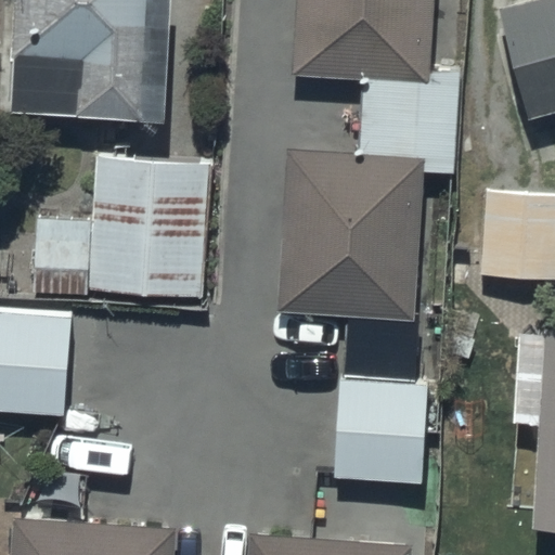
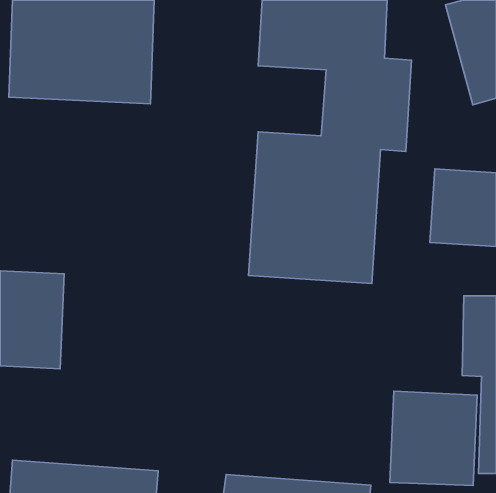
building: [31,157,208,298] -> none
building: [333,377,430,482] -> [390,391,477,485]

